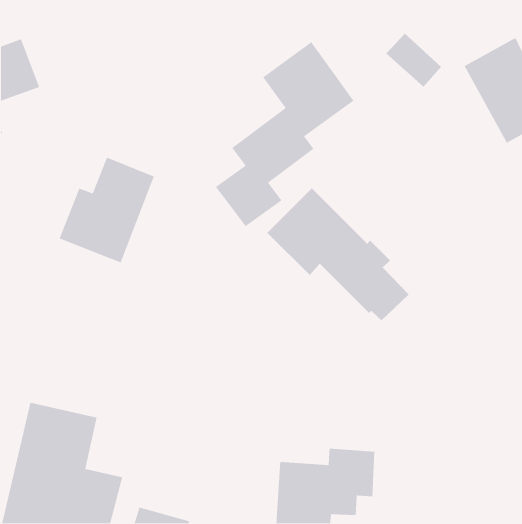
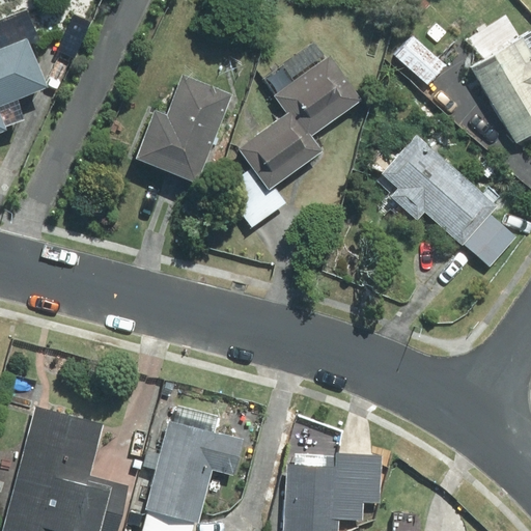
building: [58,157,155,263] -> [131,76,228,184]
building: [267,187,409,321] -> [372,133,516,268]
building: none -> [146,421,241,523]

